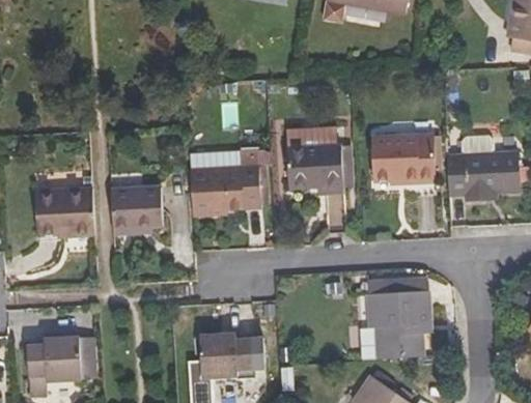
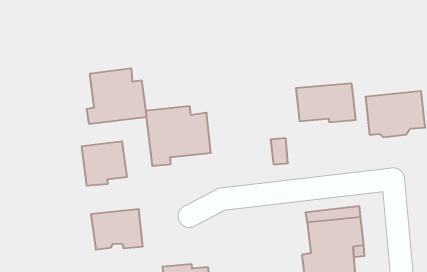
building: none -> [87,68,146,124]
building: [288,128,345,194] -> none
building: [40,184,97,228] -> [91,209,143,250]

